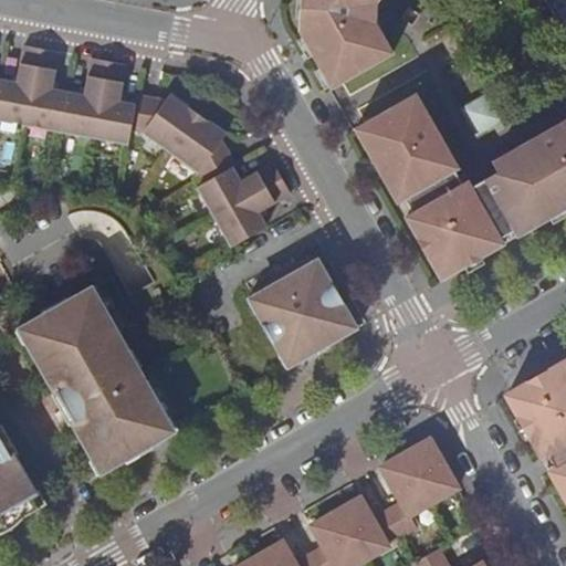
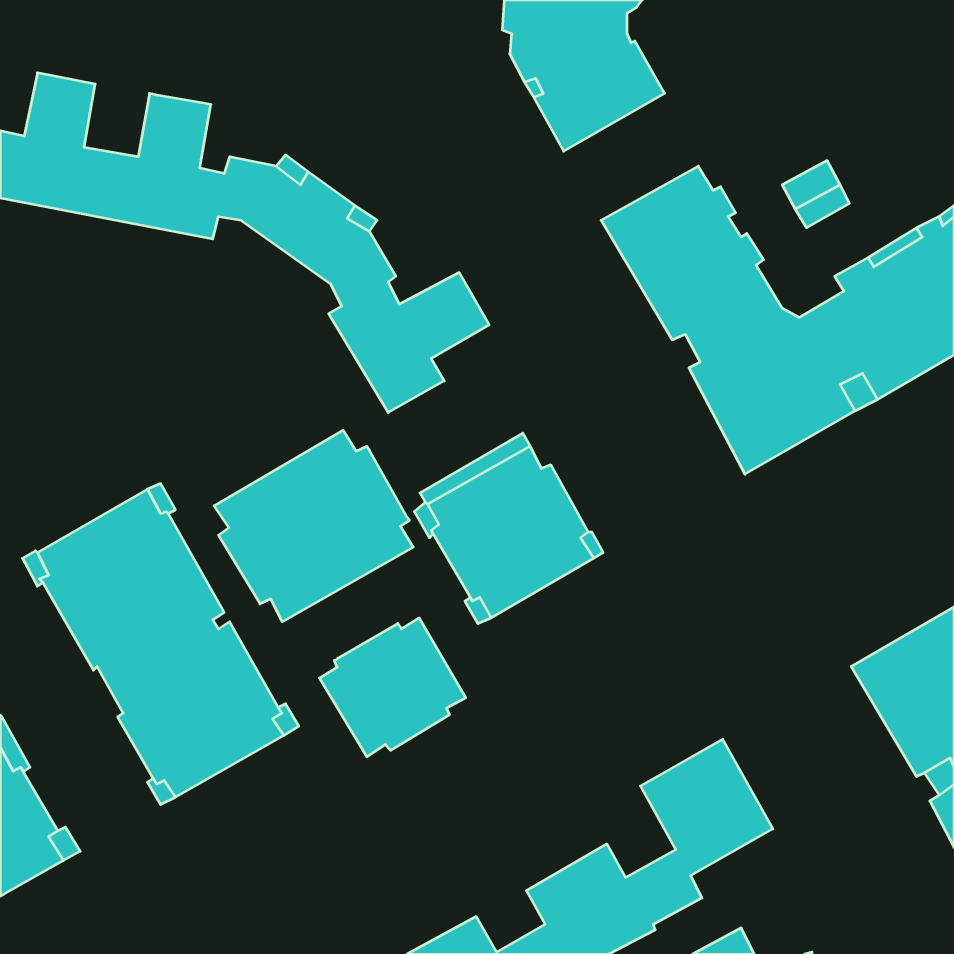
building: none -> [214,430,413,622]
building: none -> [319,618,466,757]

